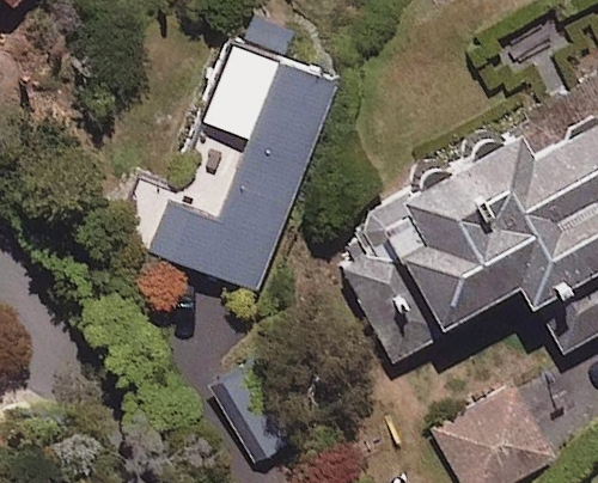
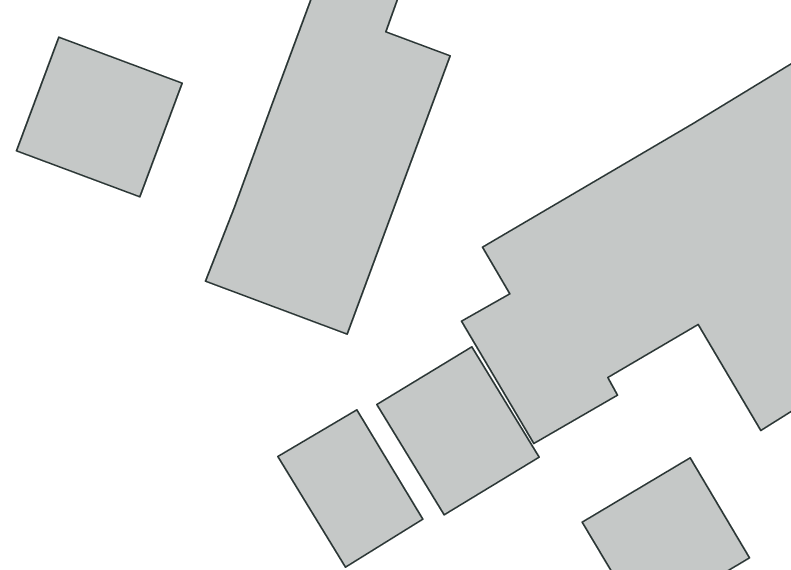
building: none -> [16,37,182,197]
building: none -> [377,347,539,515]

